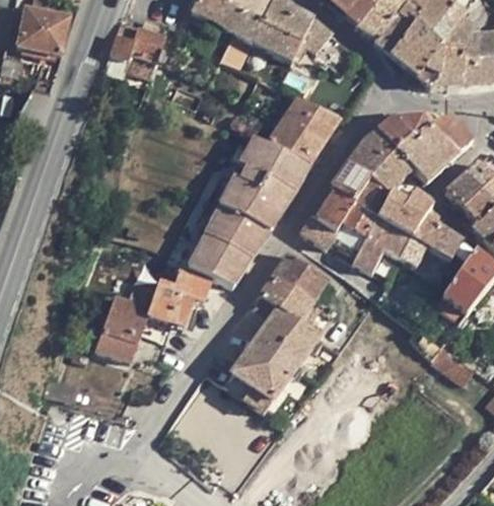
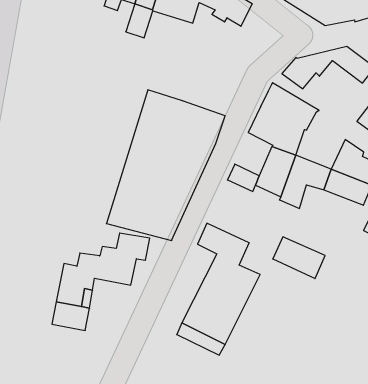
building: [112,20,165,75] -> none
building: [269,96,341,163] -> none
building: [365,124,458,182] -> none
building: [312,185,355,231] -> none
building: [377,191,432,236] -> none
building: [274,250,329,299] -> [273,237,325,279]

